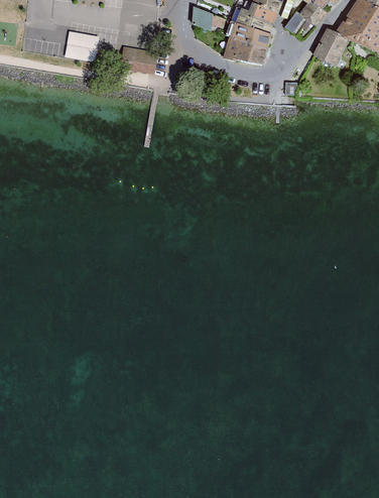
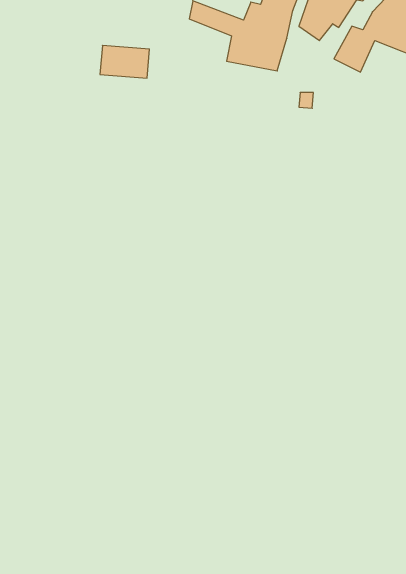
building: [64,30,96,59] -> none

